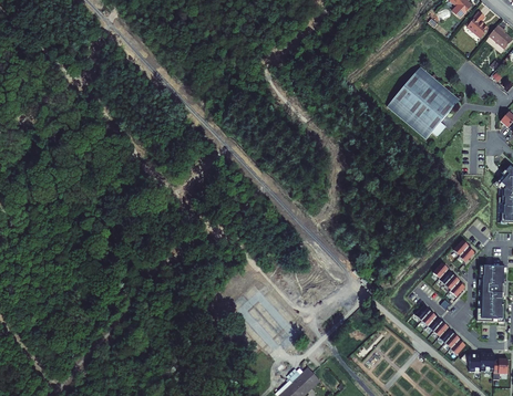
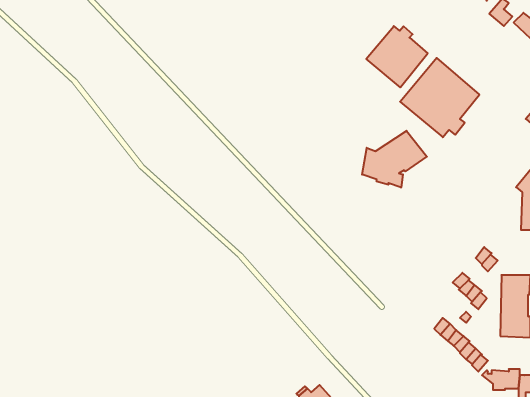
building: none -> [366,26,428,87]
building: none -> [362,131,427,188]

